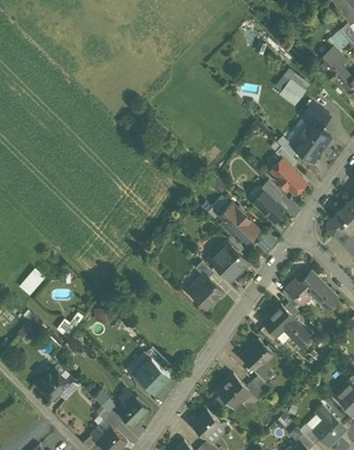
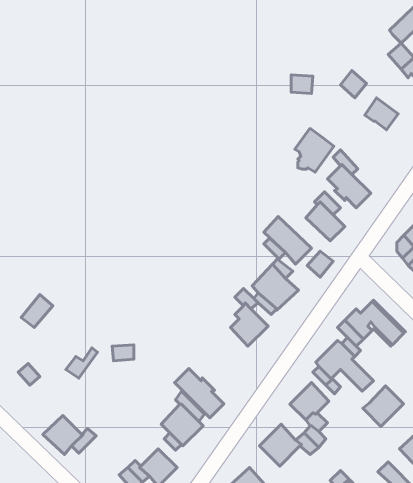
building: [298,123,330,159] -> [295,129,334,172]
building: none -> [175,369,224,418]
building: none -> [363,386,404,426]

